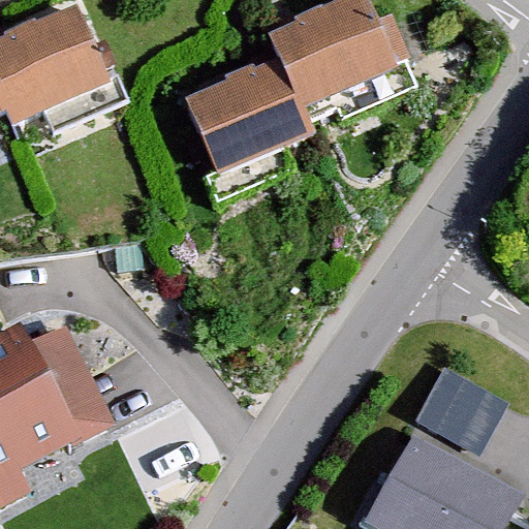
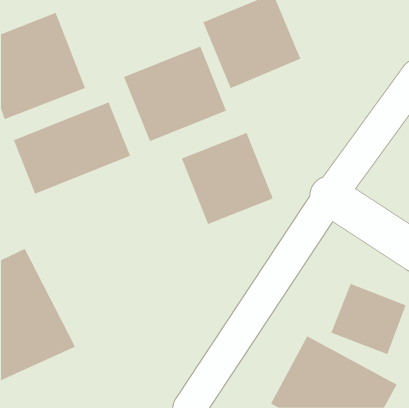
building: none -> [13,101,131,195]
building: none -> [181,132,273,225]

